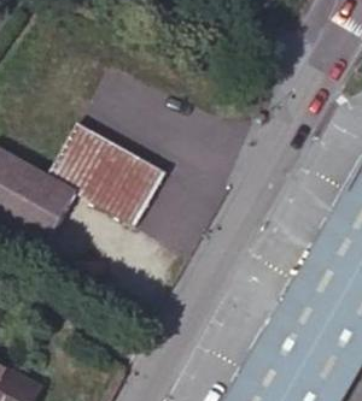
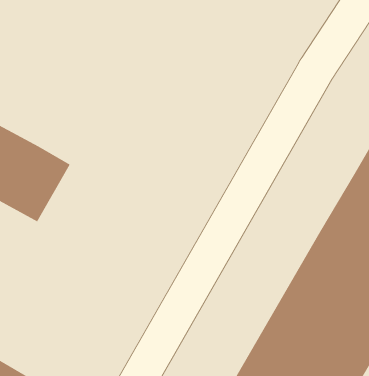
building: [49,123,170,225] -> none

